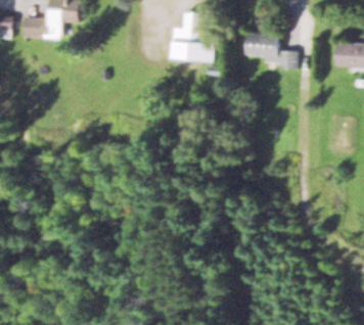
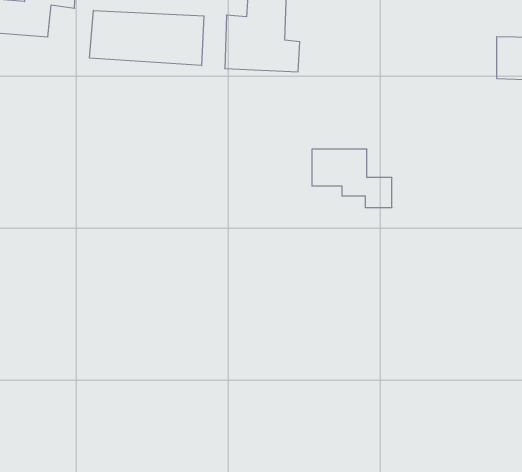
building: none -> [90,10,204,66]
building: [245,34,294,69] -> [312,149,392,208]

